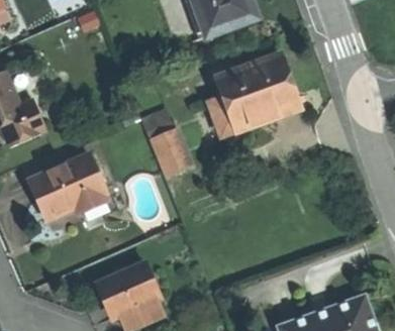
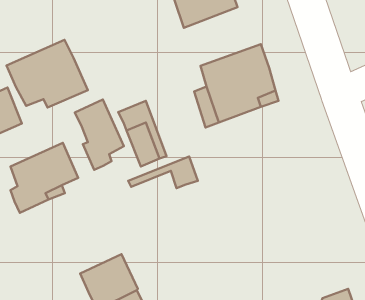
building: none -> [6,40,88,108]
building: none -> [75,100,124,170]
building: none -> [128,156,198,188]

